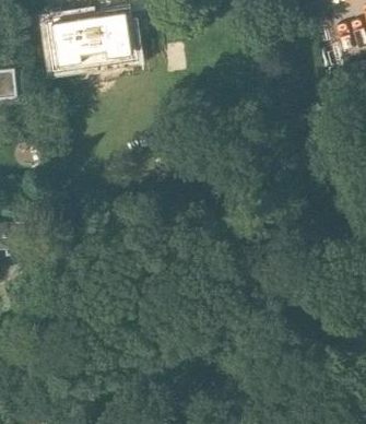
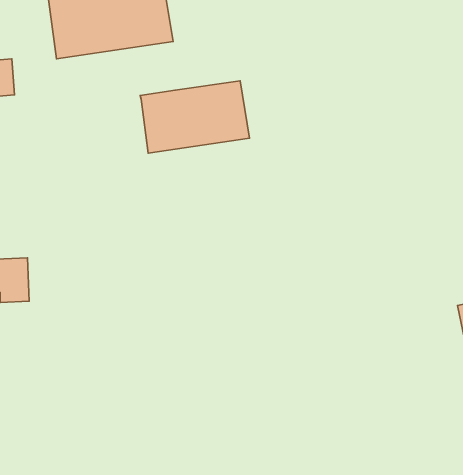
building: none -> [140,81,249,153]

